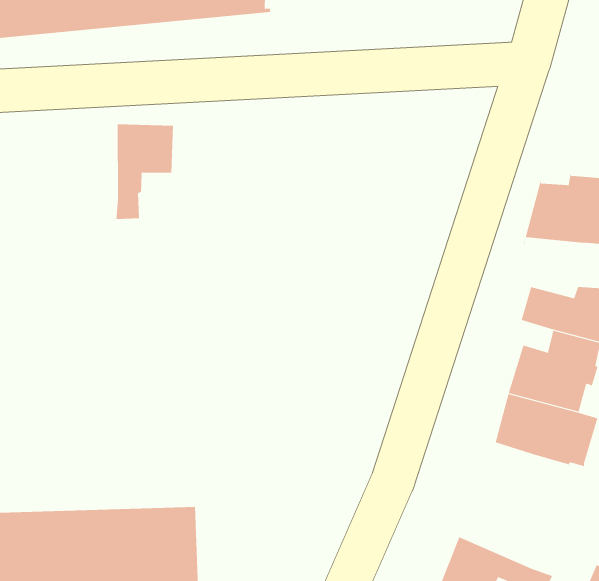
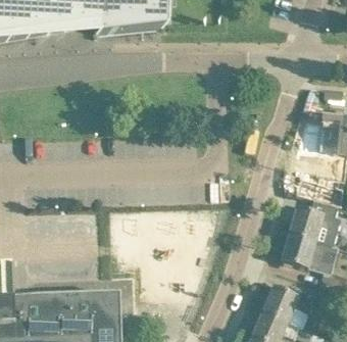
building: [116,123,174,220] -> none
building: none -> [262,285,313,328]

